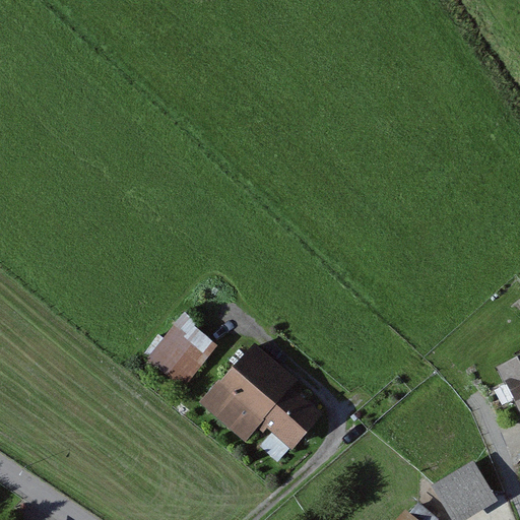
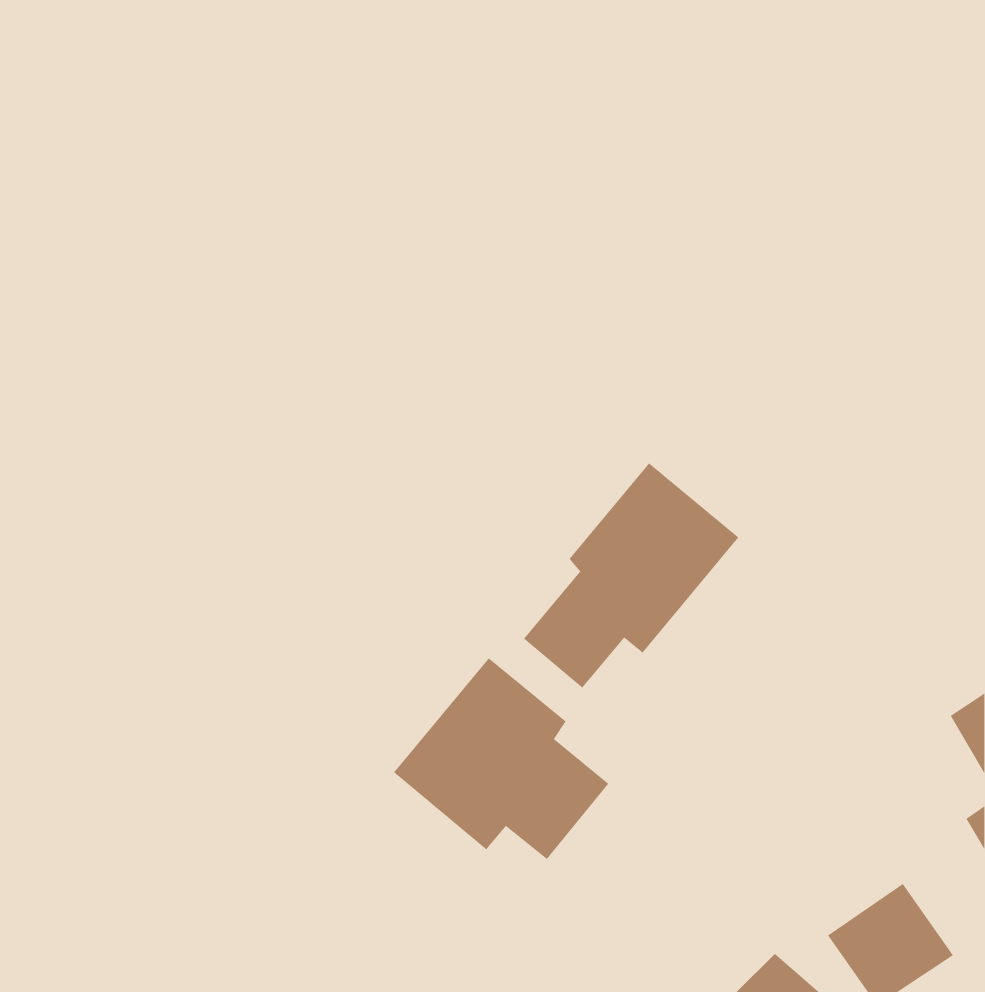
building: none -> [523,463,739,688]
building: [147,317,217,389] -> none

